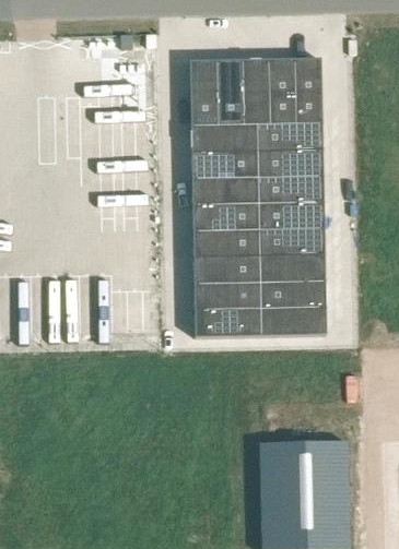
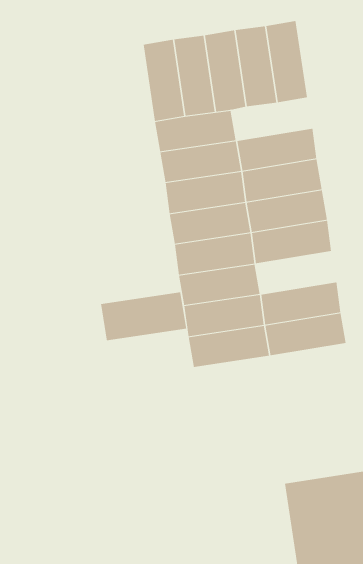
building: [257,123,324,152] -> none
building: [260,254,327,283] -> none
building: none -> [100,292,187,341]

